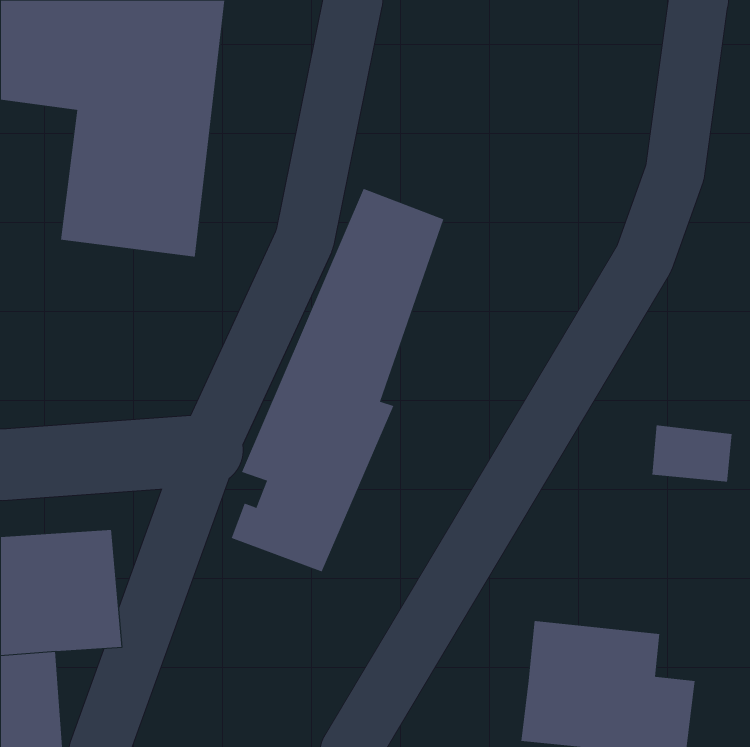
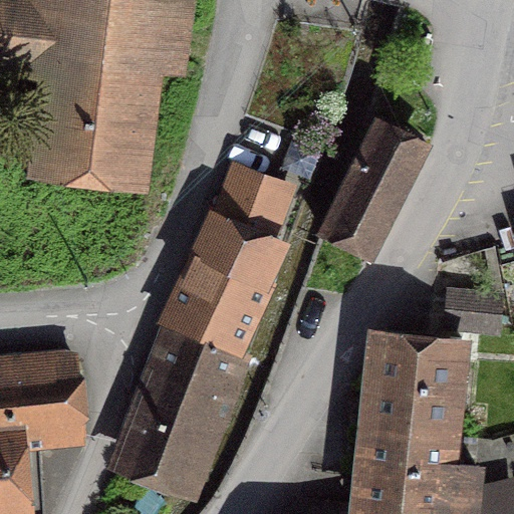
building: none -> [323,134,423,258]
building: none -> [365,338,463,436]
building: none -> [125,370,221,481]

